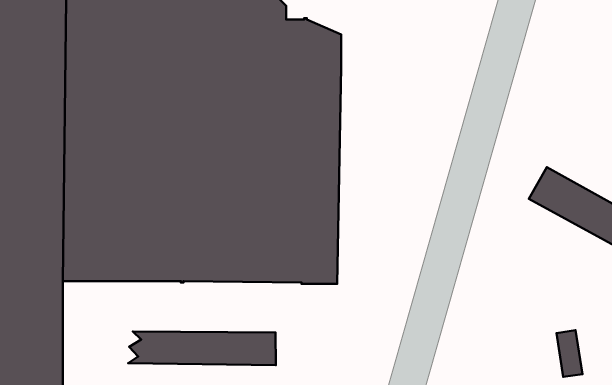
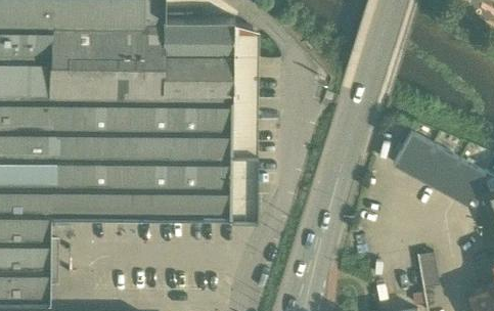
building: [128,332,276,365] -> none

